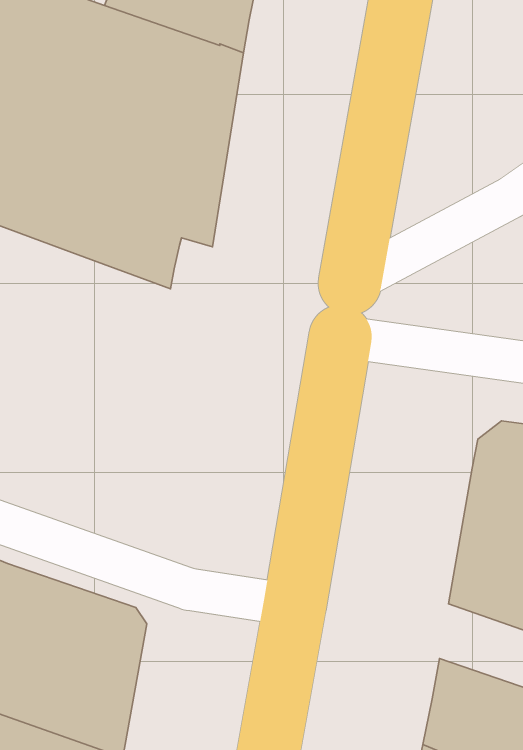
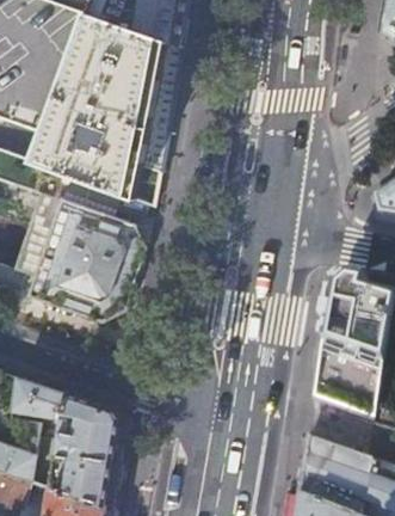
building: none -> [26,197,143,318]

